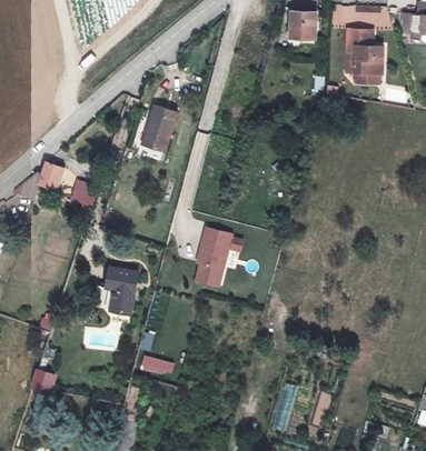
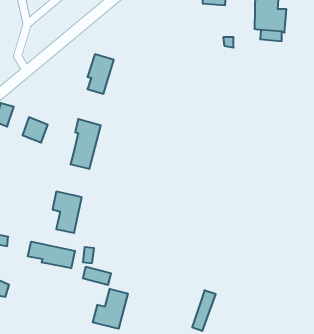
building: [196,225,231,284] -> [70,119,101,169]
building: none -> [28,242,75,268]
building: none -> [93,289,128,329]

